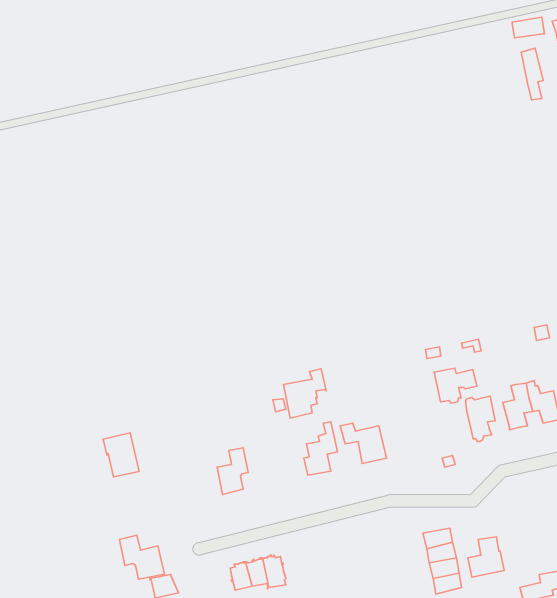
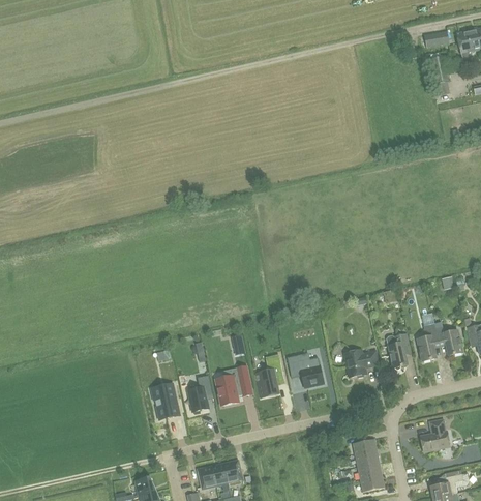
building: [434,368,477,403] -> [343,350,378,378]
building: [284,369,326,418] -> [215,366,249,406]
building: [103,433,139,477] -> [150,383,179,418]
building: [119,535,165,579] -> none
building: [468,537,504,577] -> [420,419,449,451]

